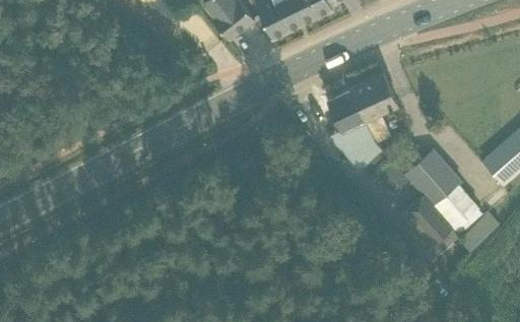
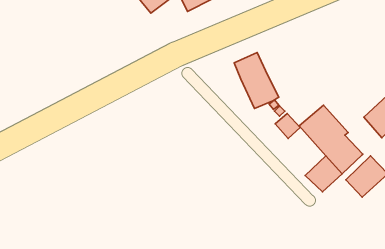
building: [354,74,397,140] -> none

